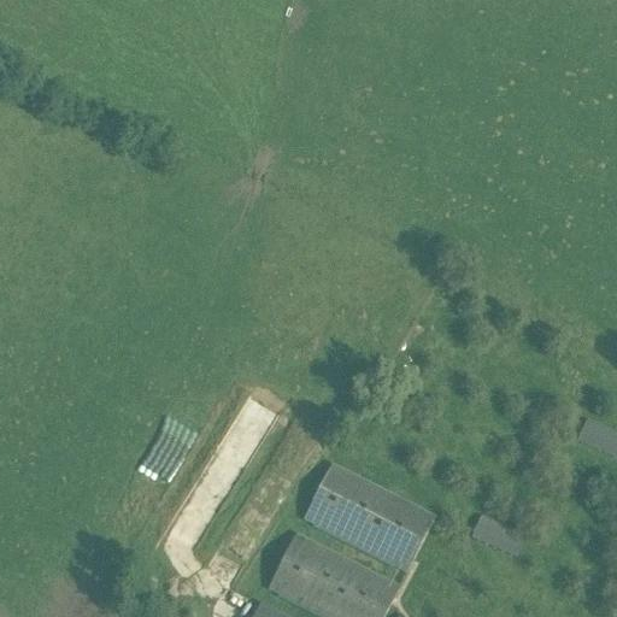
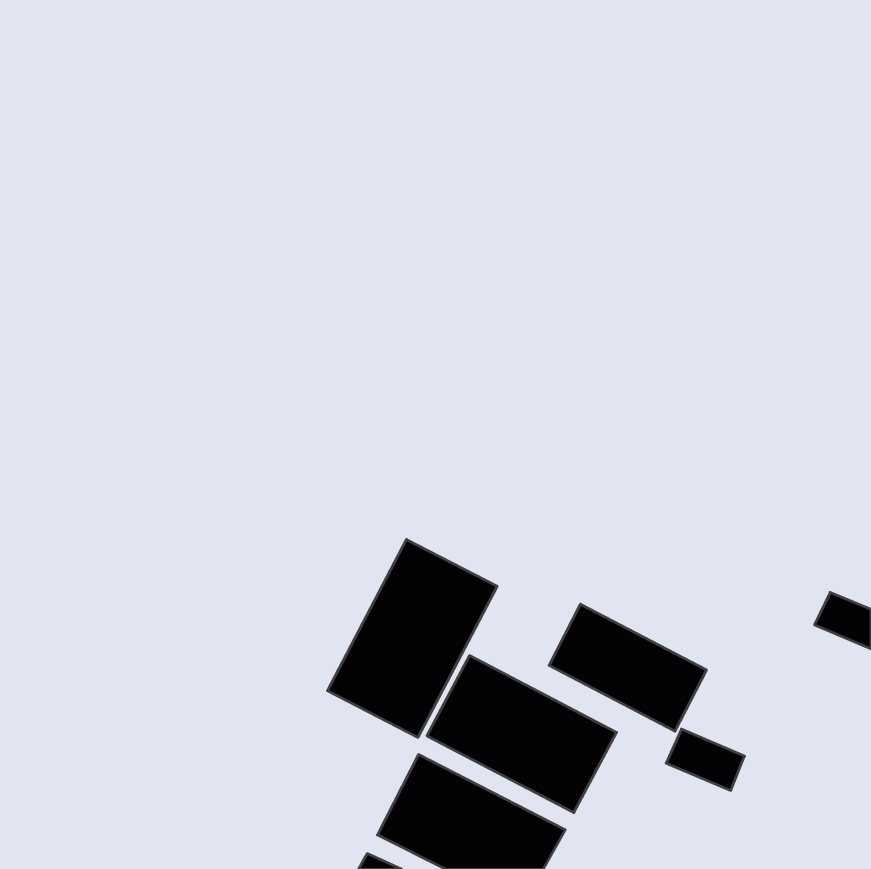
building: none -> [327,539,497,737]
building: none -> [549,604,706,731]

